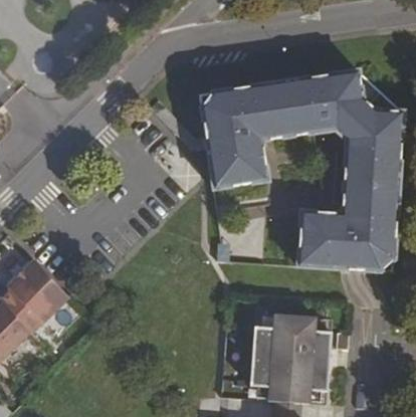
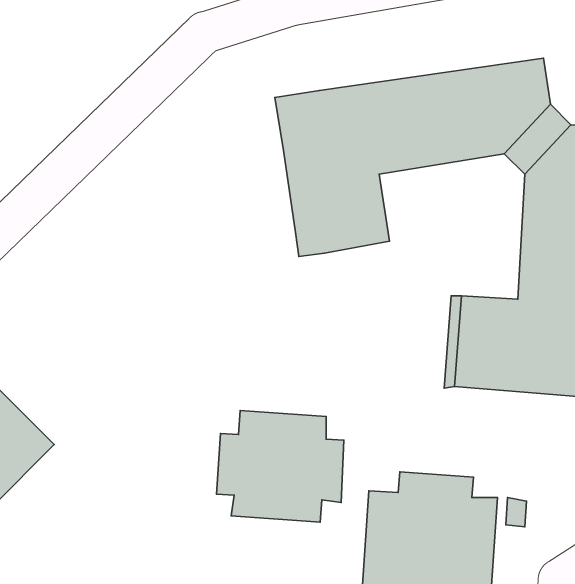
building: none -> [216,411,344,522]

